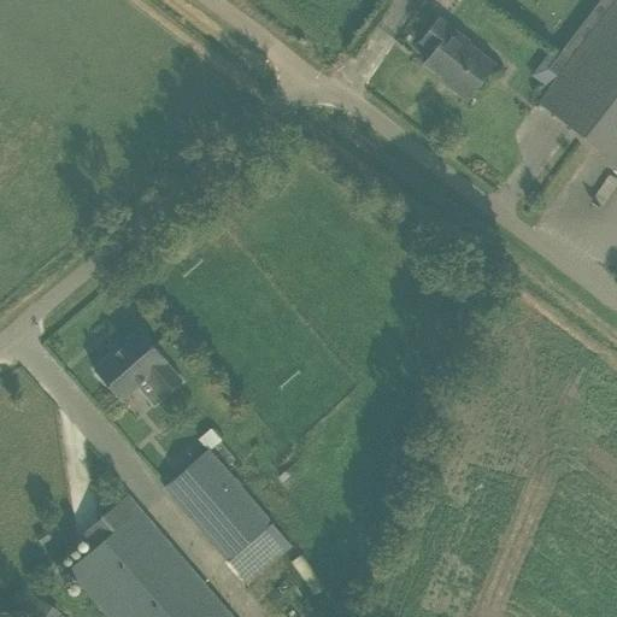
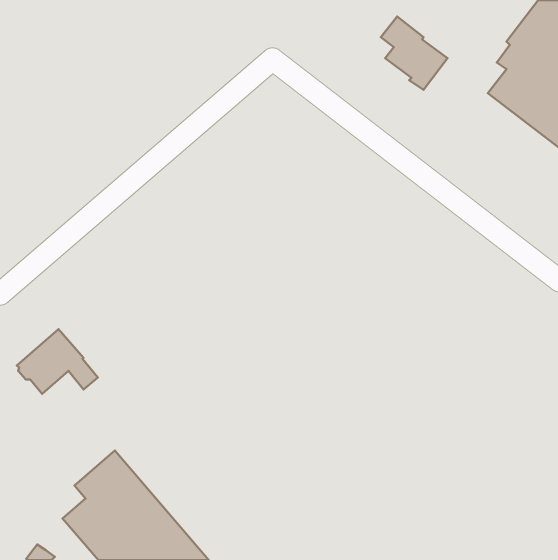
building: [94,329,183,400] -> [17,329,98,394]
building: [165,428,292,584] -> none

